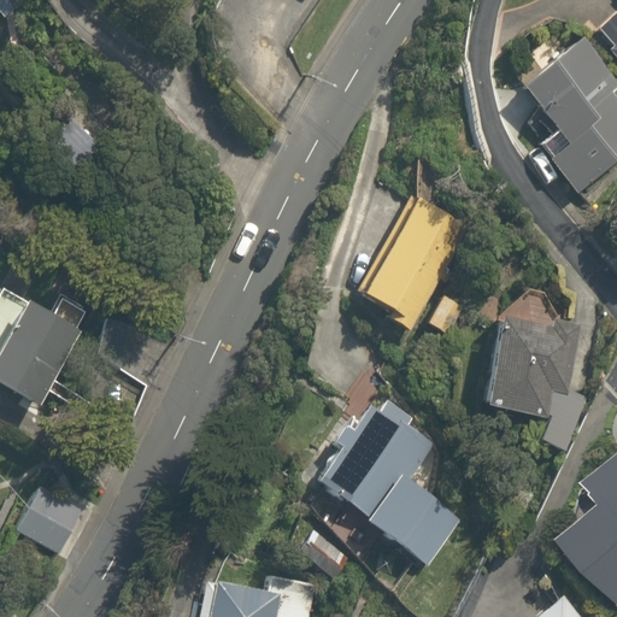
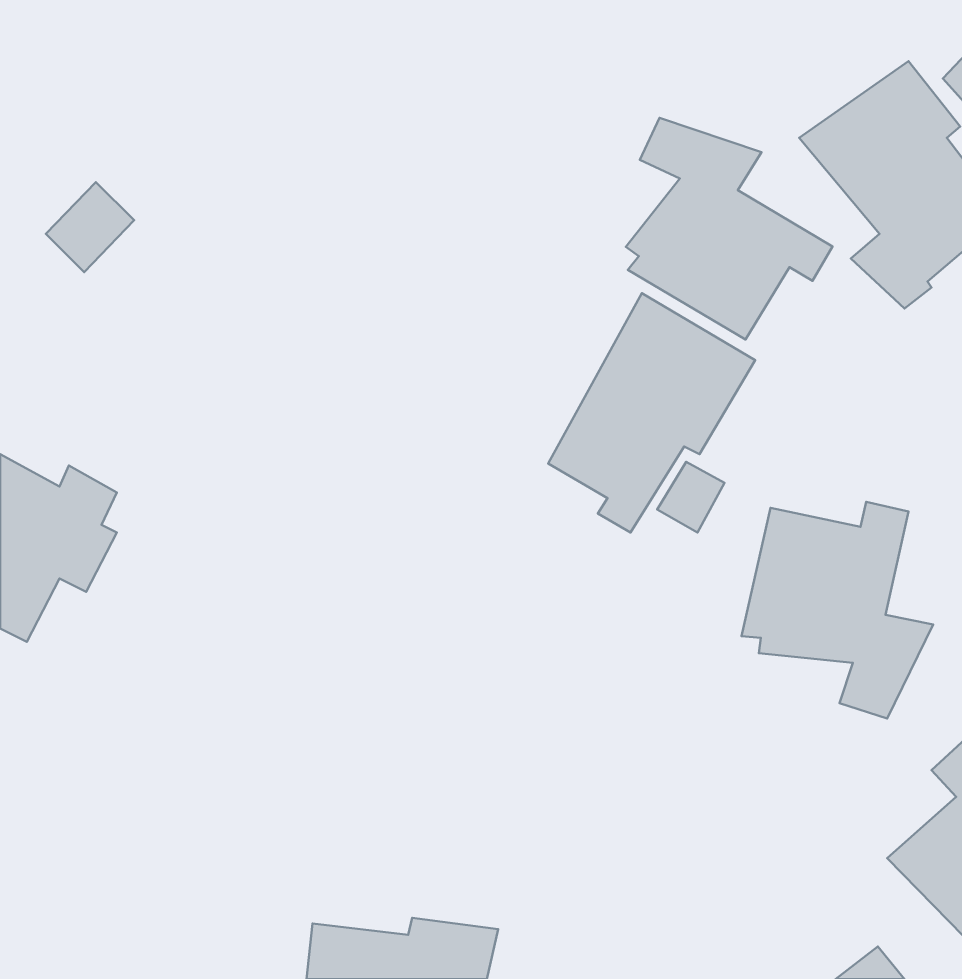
building: none -> [626,118,832,340]
building: [310,404,462,568] -> none
building: [20,487,87,553] -> none

